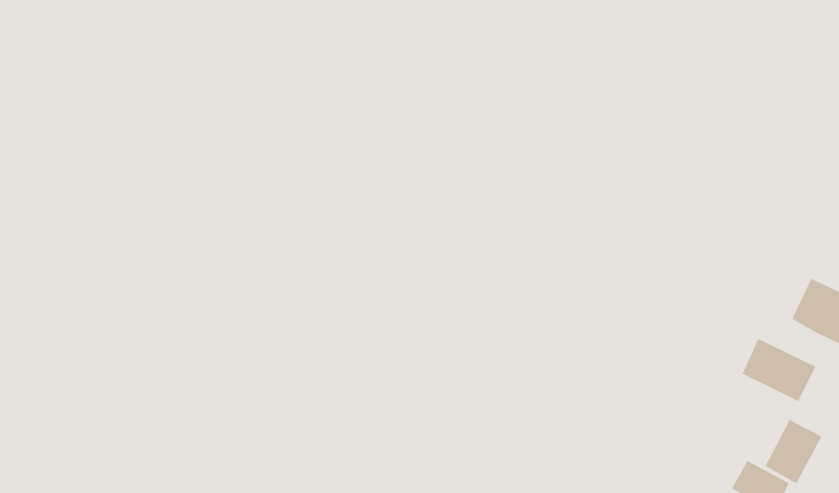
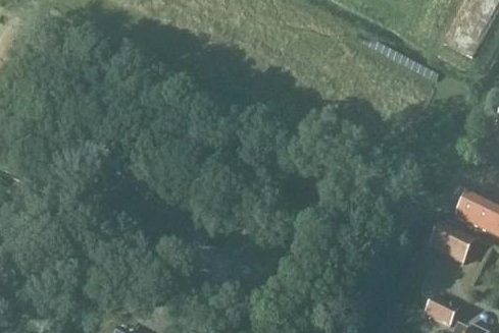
building: [765,419,822,484] -> none

